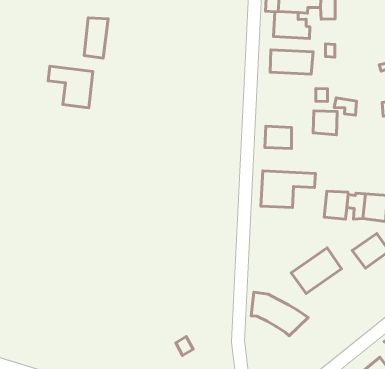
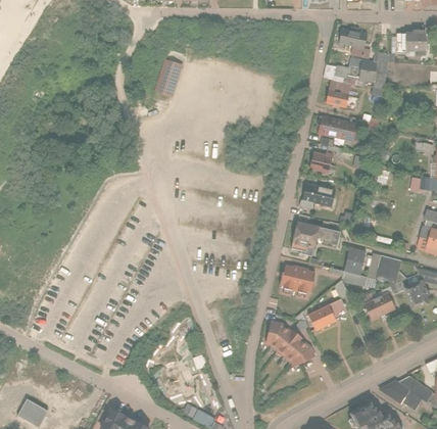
building: [48,66,93,108] -> none
building: [313,111,337,135] -> [309,148,334,173]
building: none -> [277,266,317,298]

